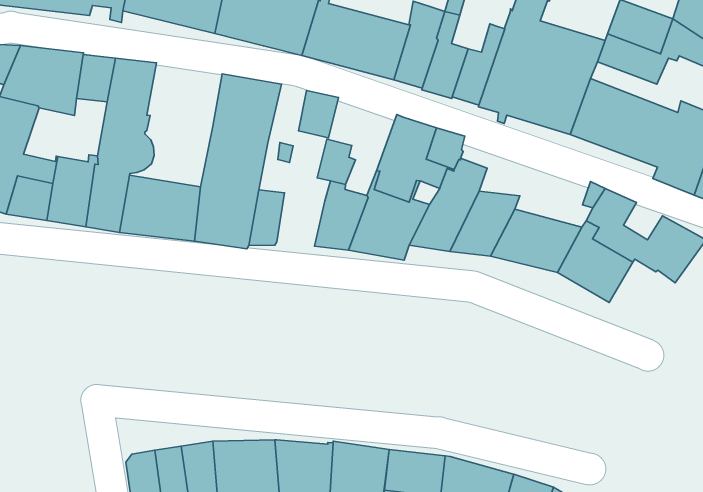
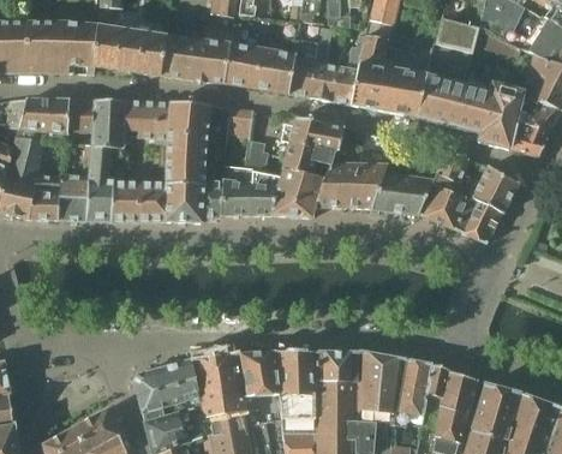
building: none -> [120,100,169,139]
building: none -> [221,165,253,215]
building: none -> [458,198,502,243]

